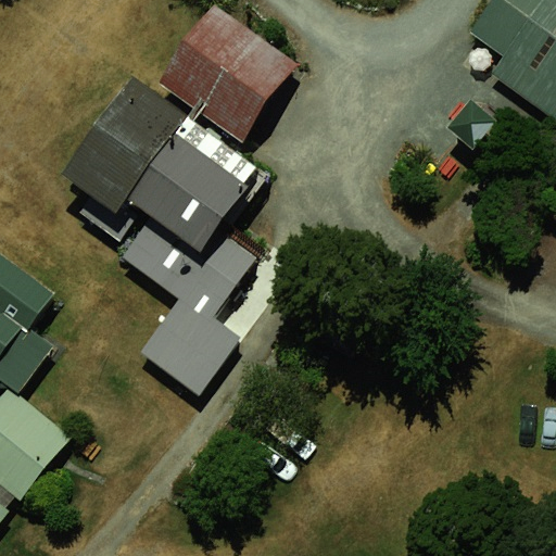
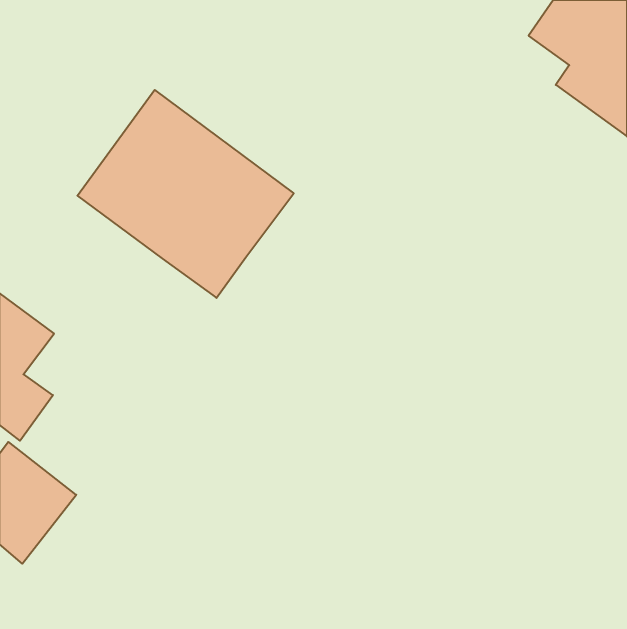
building: [160,7,295,141] -> none
building: [122,227,255,395] -> none

